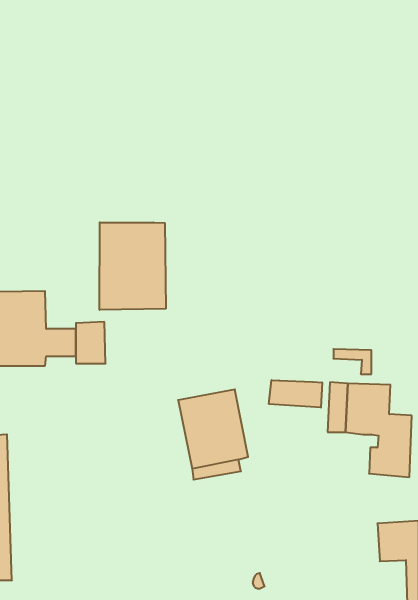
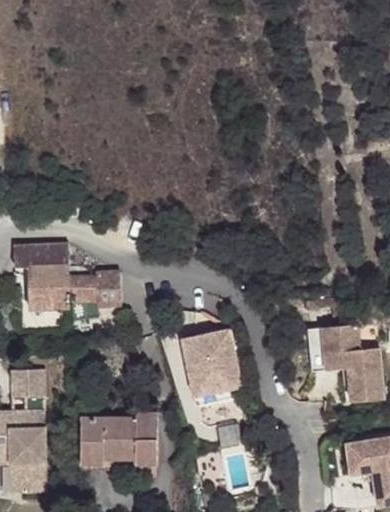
building: [100,222,166,310] -> none
building: [269,380,322,408] -> none
building: none -> [80,410,156,464]

